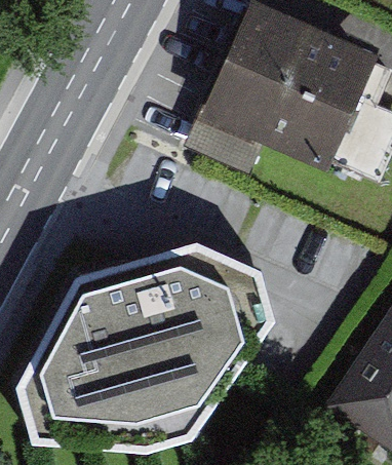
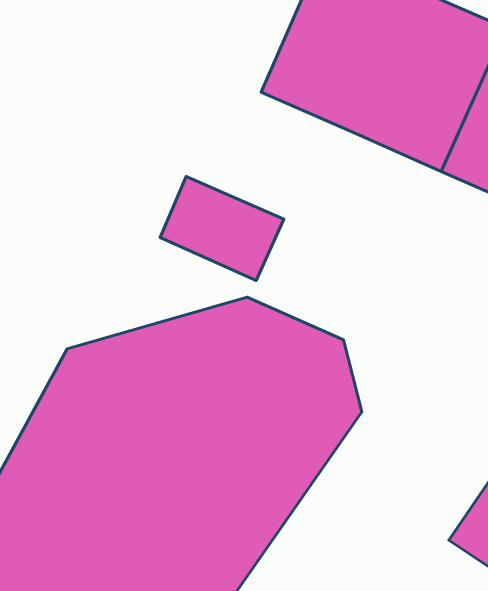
building: [187,104,270,173] -> [160,176,284,280]

